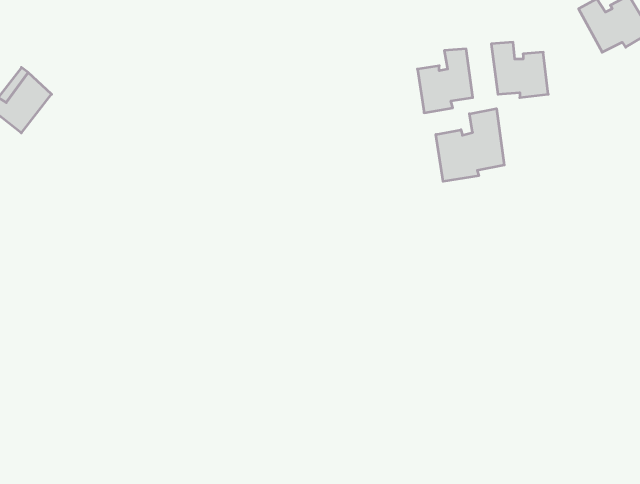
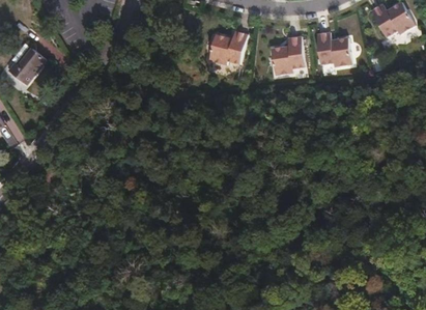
building: none -> [208,29,248,64]
building: [436,109,504,181] -> none

